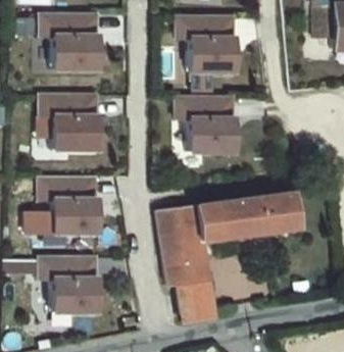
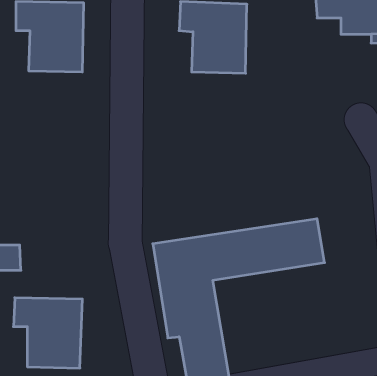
building: [180,94,235,152] -> none
building: [46,95,101,152] -> none
building: [42,178,97,235] -> none

